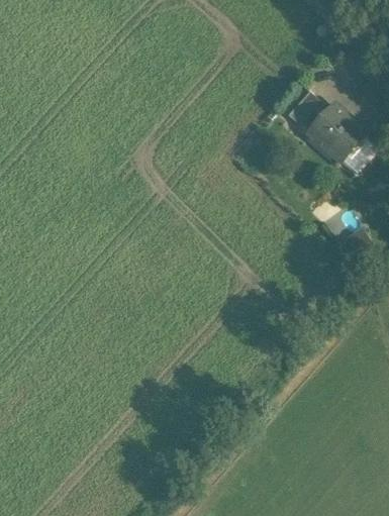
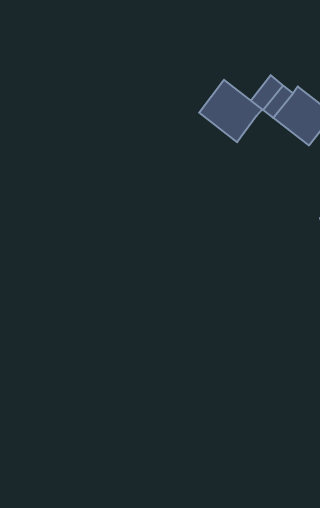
building: none -> [199,80,262,142]

